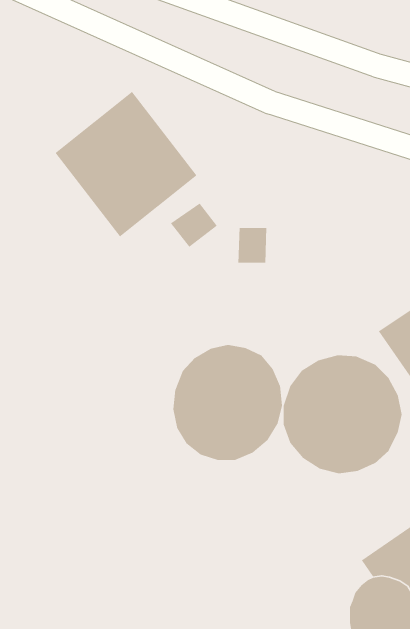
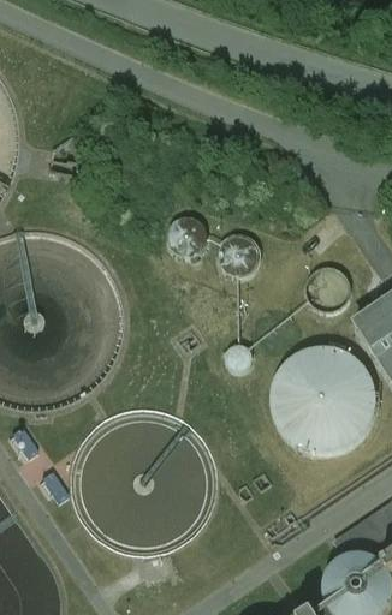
building: [54,91,198,238] -> none
building: [173,344,283,461] -> none

